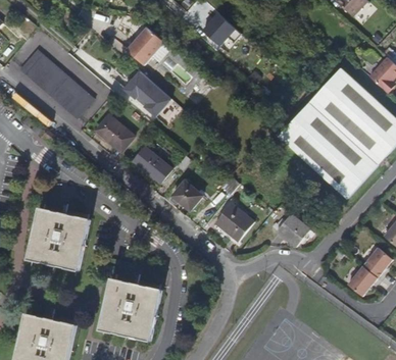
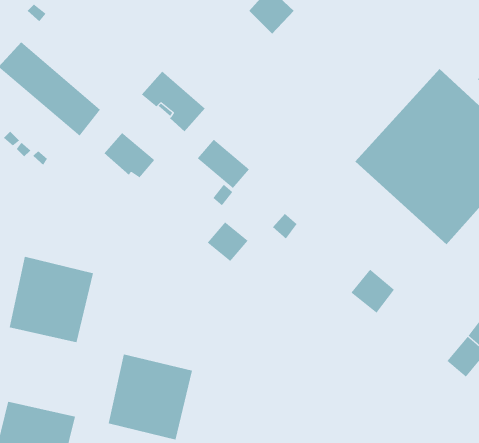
building: [126,25,163,64] -> none
building: [132,147,170,184] -> [197,139,250,189]
building: [214,202,253,240] -> none

